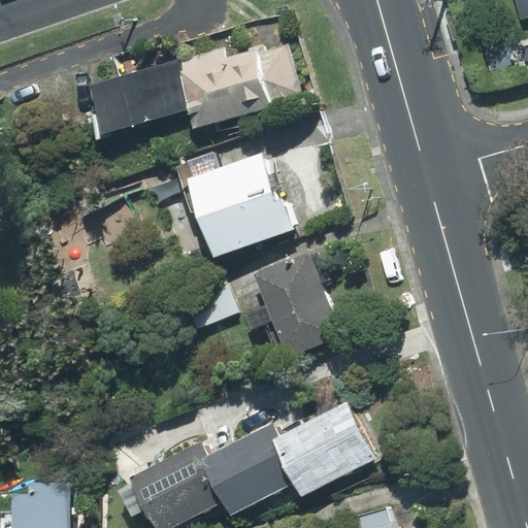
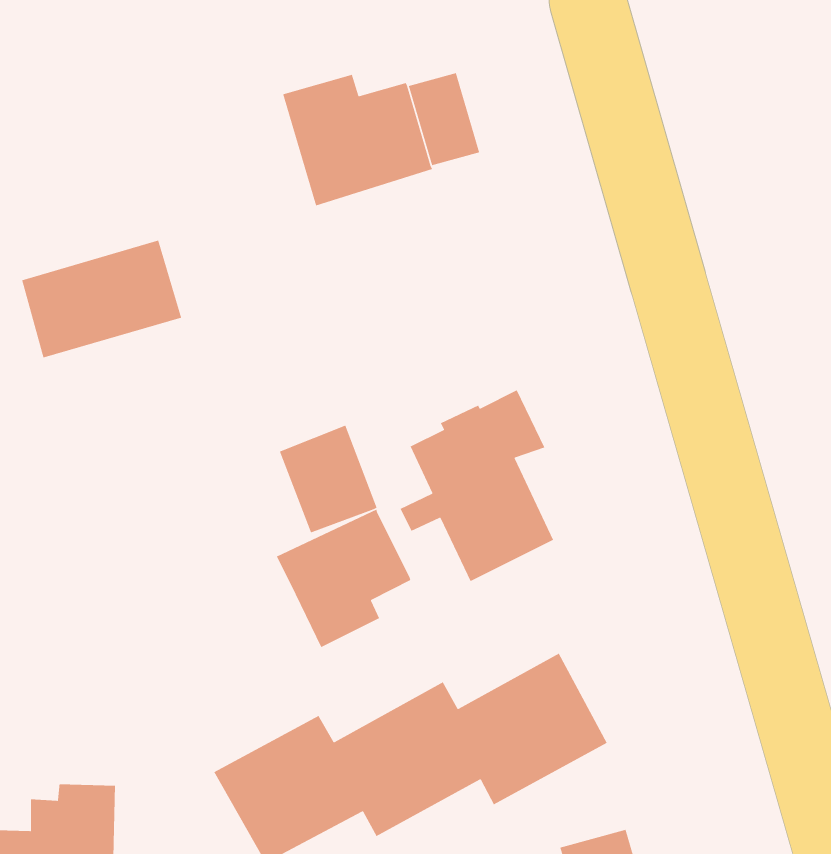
building: [89,60,188,133] -> [21,239,182,359]
building: [171,151,289,257] -> none
building: none -> [276,509,411,648]

